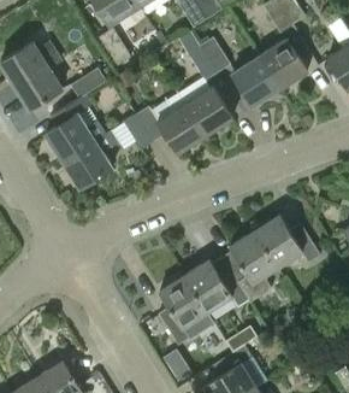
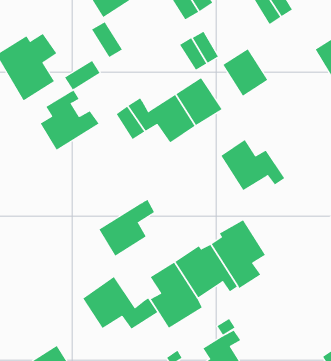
building: [259,39,307,89] -> none
building: [61,130,119,189] -> [99,199,155,257]
building: [254,216,320,269] -> [221,139,285,191]
building: none -> [83,276,158,330]

